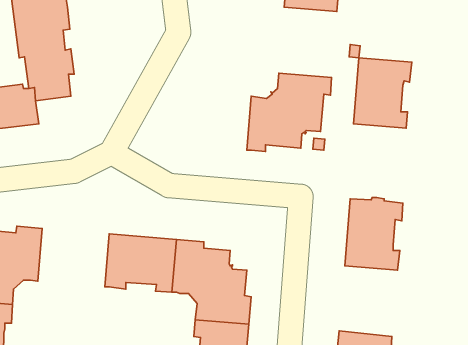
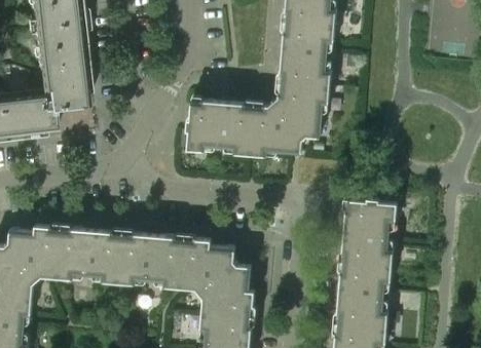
building: [353,58,412,128] -> [280,23,334,88]
building: none -> [186,101,254,156]
building: none -> [54,229,121,283]
building: none -> [336,264,391,330]

